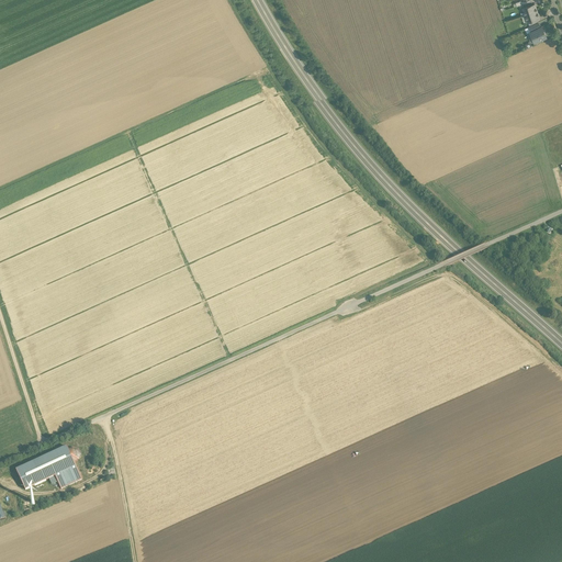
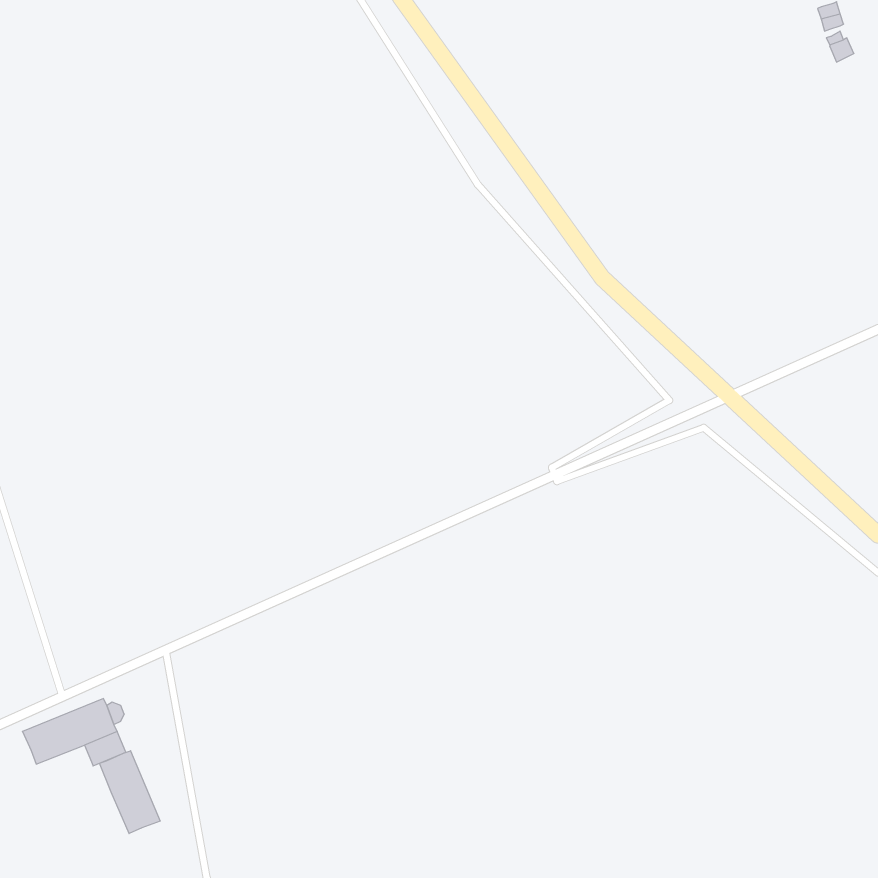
building: none -> [100,751,160,834]

